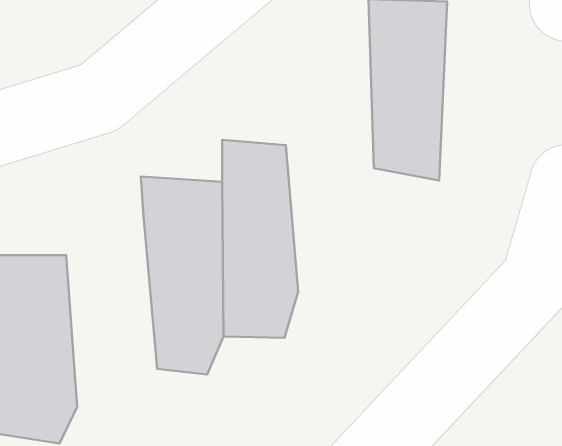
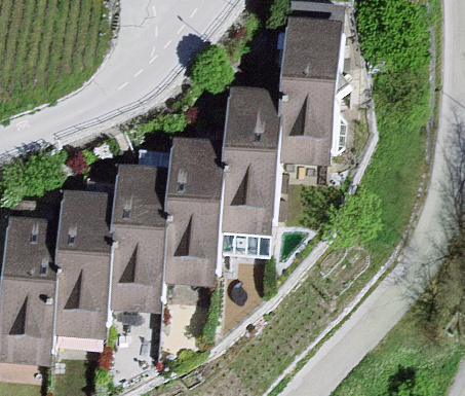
building: none -> [246,88,297,258]
building: none -> [69,190,141,343]

